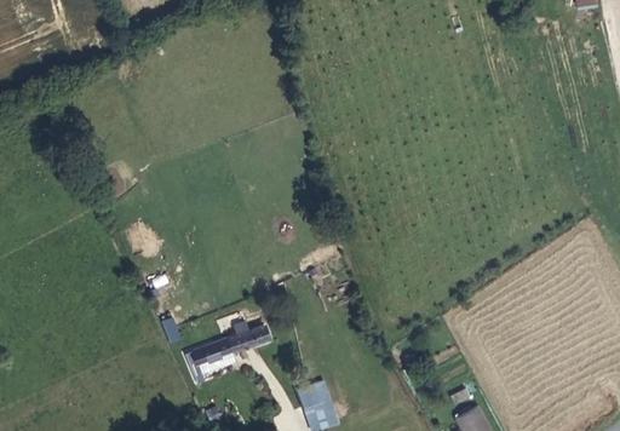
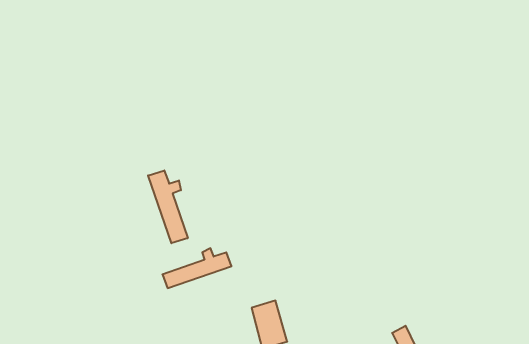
building: none -> [148,170,188,243]

